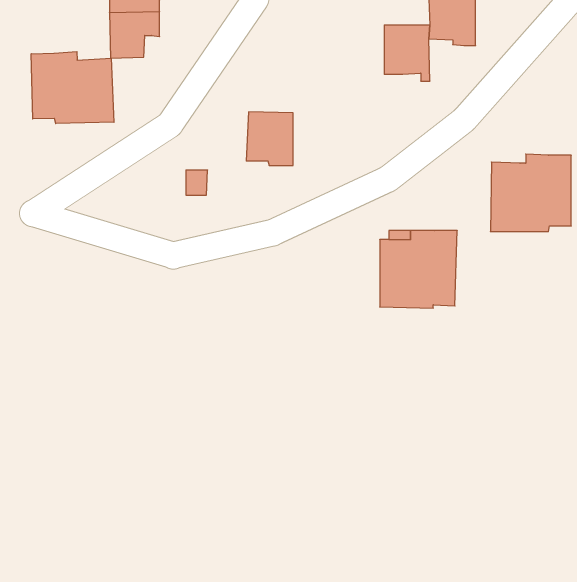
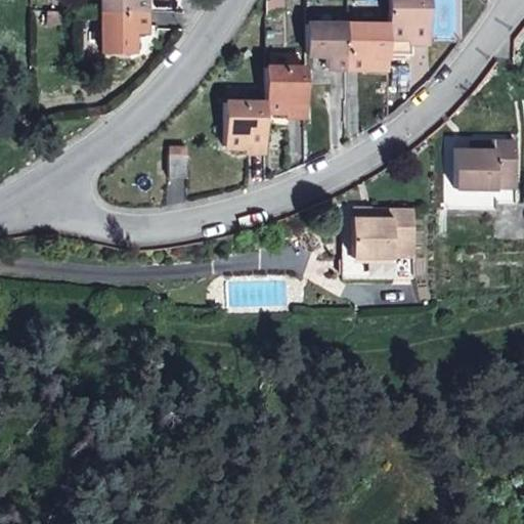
building: none -> [309,23,350,67]
building: [31,52,114,124] -> none
building: none -> [268,66,309,114]

